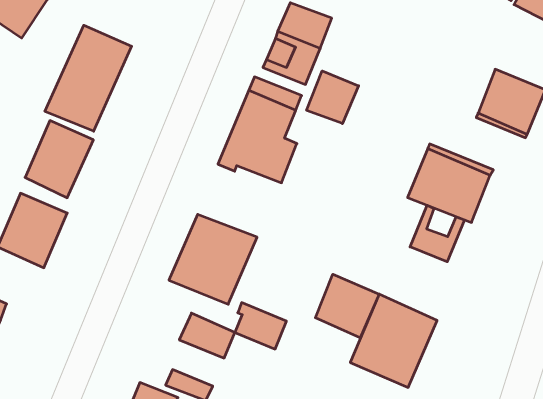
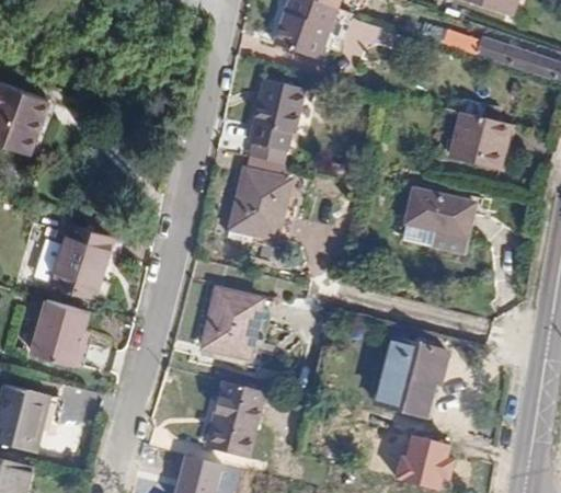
building: [45,25,132,131] -> none
building: [307,71,359,124] -> none
building: [410,205,464,262] -> none
building: [315,274,379,338] -> none
building: [235,303,286,349] -> [209,405,255,444]

